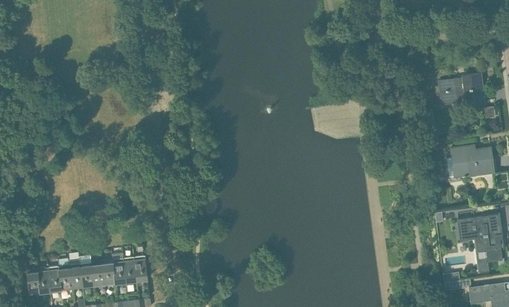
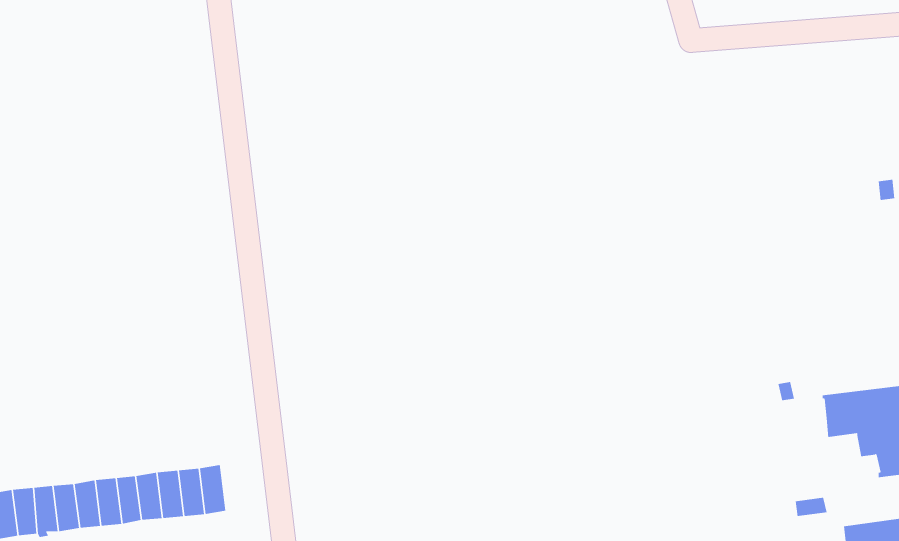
building: [438,74,484,106] -> none
building: [446,145,493,177] -> none

